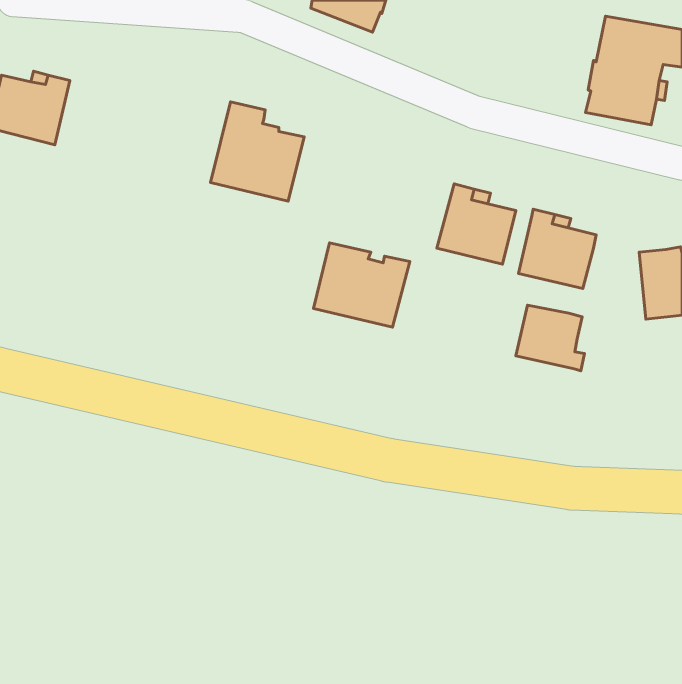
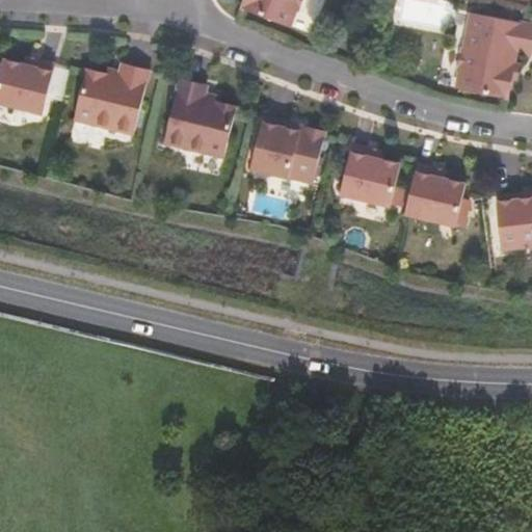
building: none -> [73,64,149,134]
building: [313,243,410,327] -> [250,117,325,183]
building: [516,305,584,371] -> none

